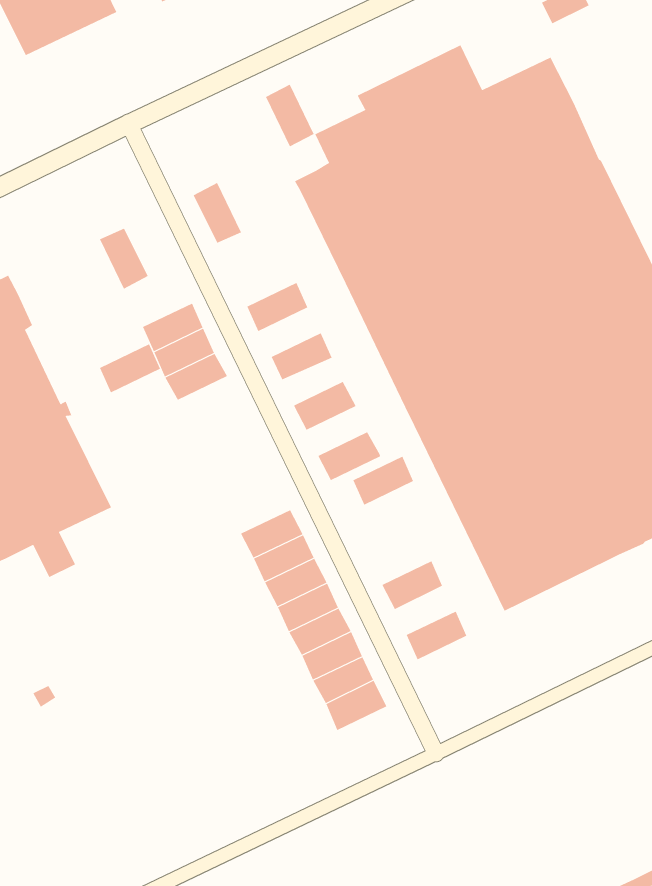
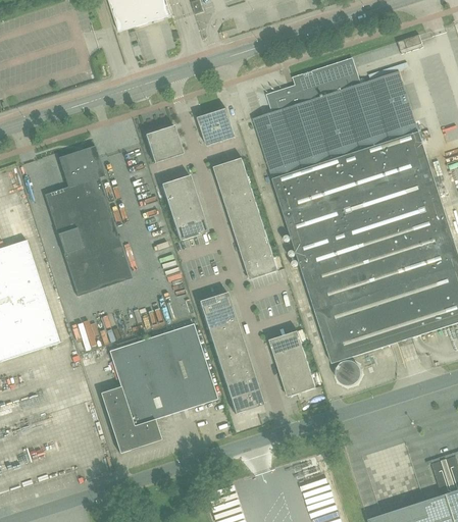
building: [265,84,314,147] -> [211,108,235,142]
building: none -> [158,125,182,158]
building: none -> [212,158,246,181]
building: none -> [221,187,255,210]
building: [99,344,161,393] -> [173,217,206,241]
building: none -> [231,215,263,238]
building: [352,456,414,506] -> [240,243,272,266]
building: none -> [101,323,216,453]
building: none -> [273,345,306,368]
building: none -> [282,373,315,397]

